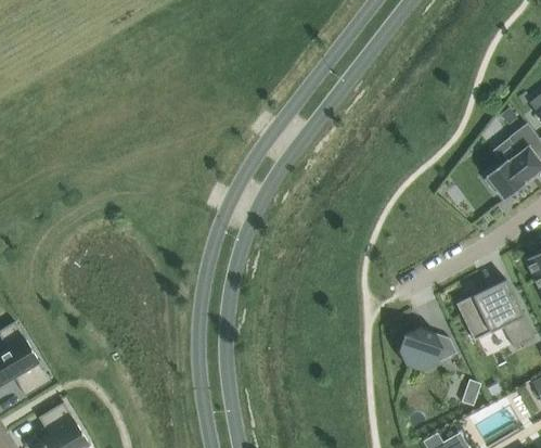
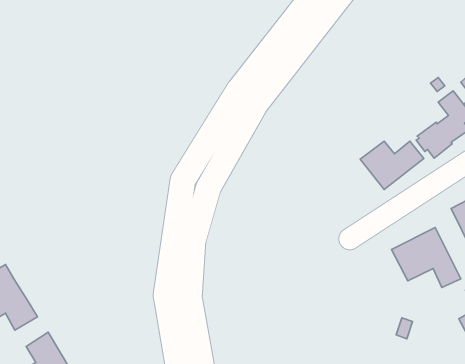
building: none -> [360,141,424,190]
building: [399,328,458,372] -> none

